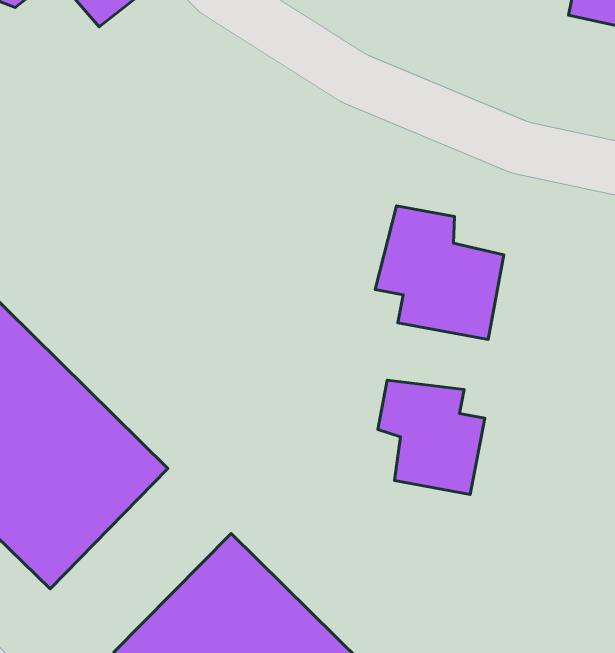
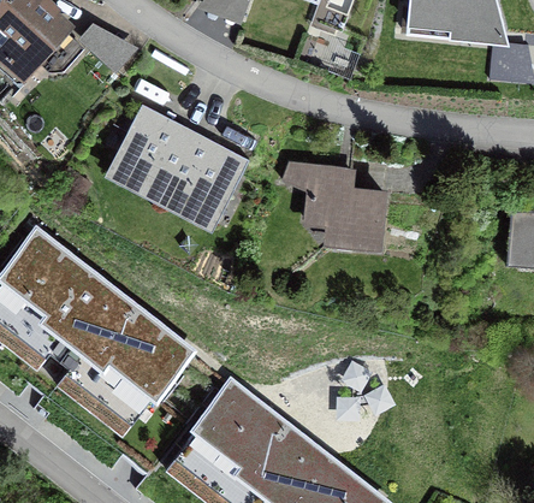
building: none -> [103,101,248,223]
building: [378,380,485,495] -> none

